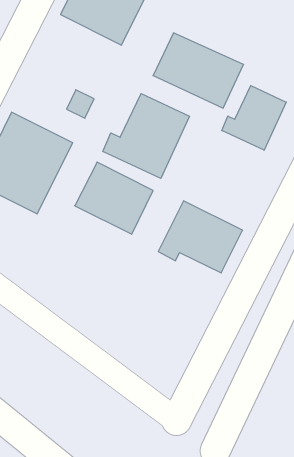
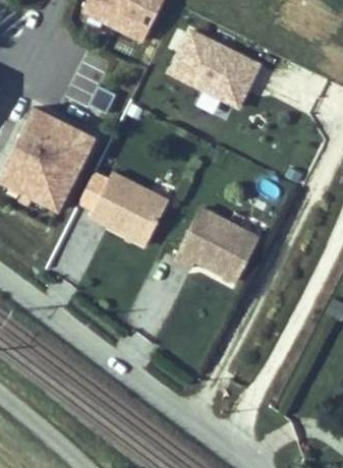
building: [222,86,286,150] -> none
building: [103,94,190,178] -> none

